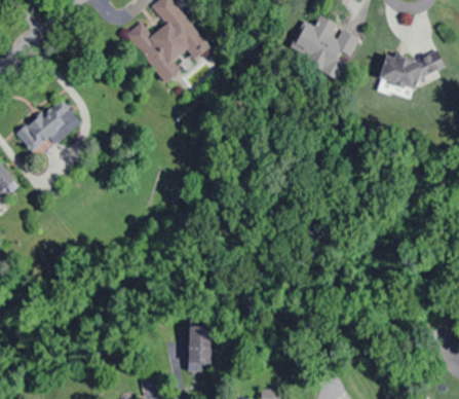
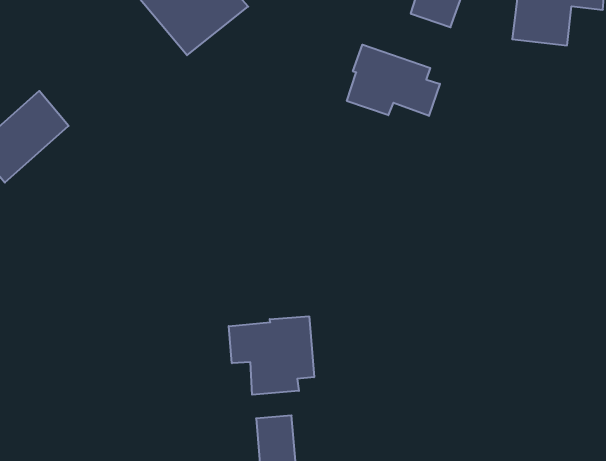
building: none -> [347,45,440,116]
building: none -> [229,316,314,395]

